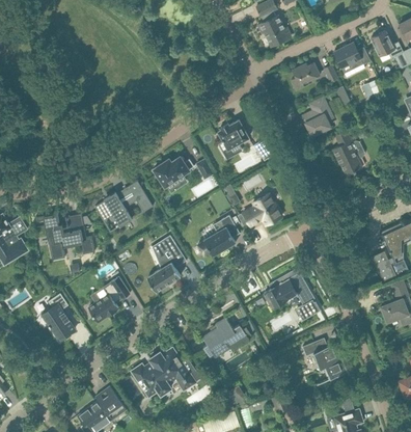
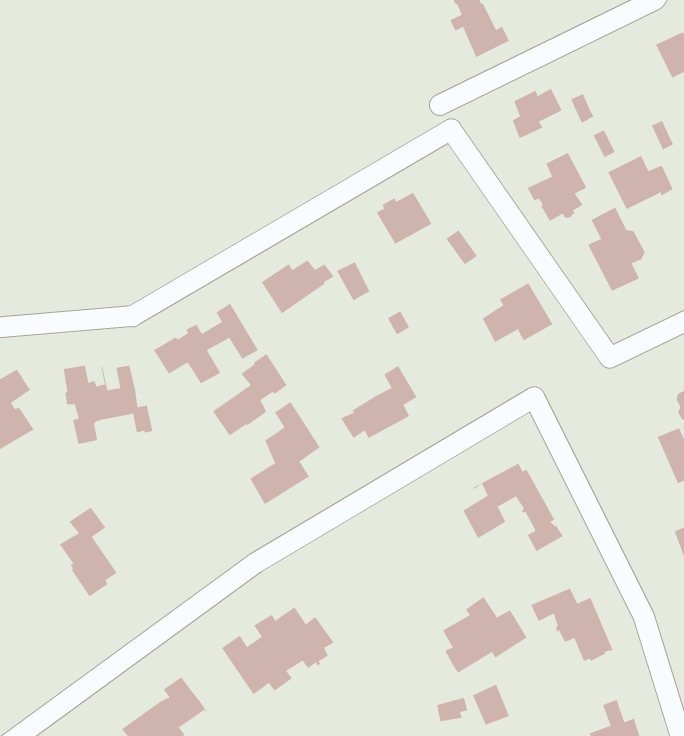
building: [334,43,371,73] -> [607,155,673,210]
building: [243,193,282,226] -> [482,283,553,343]
building: [88,276,130,322] -> [212,353,288,436]
building: [200,317,249,359] -> [439,596,527,674]

